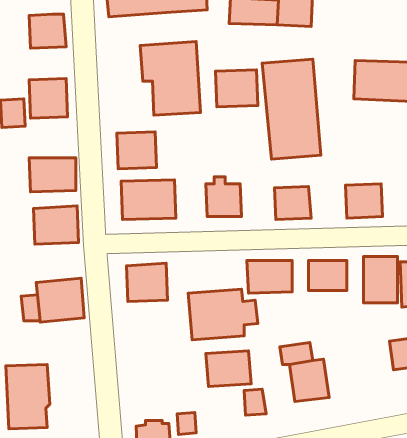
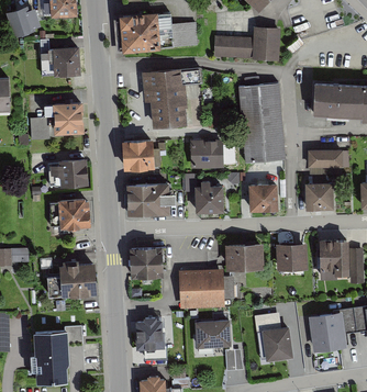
building: [215,70,258,107] -> [191,142,225,171]
building: none -> [309,150,345,171]
building: none -> [308,311,347,350]
building: none -> [135,318,164,351]

